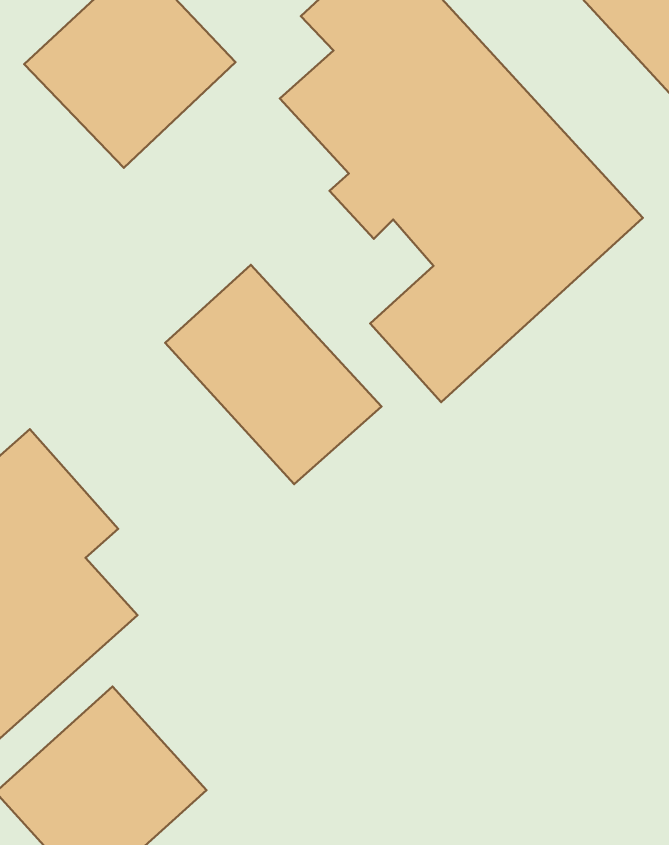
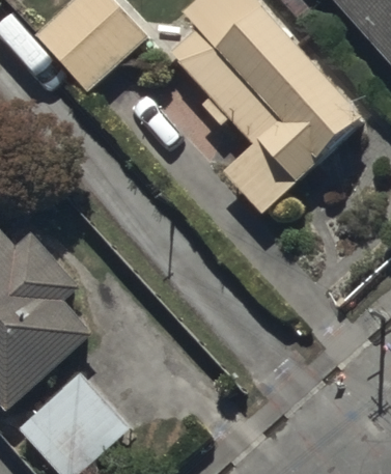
building: [165,265,382,484] -> none

